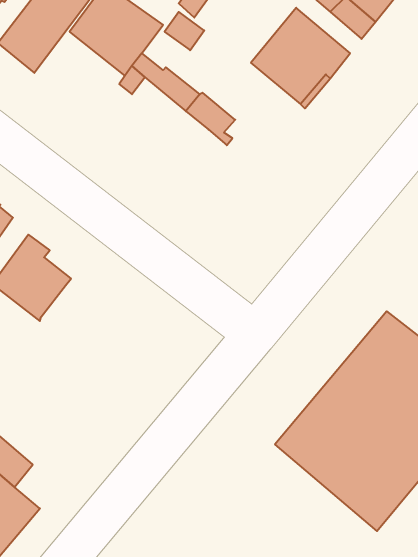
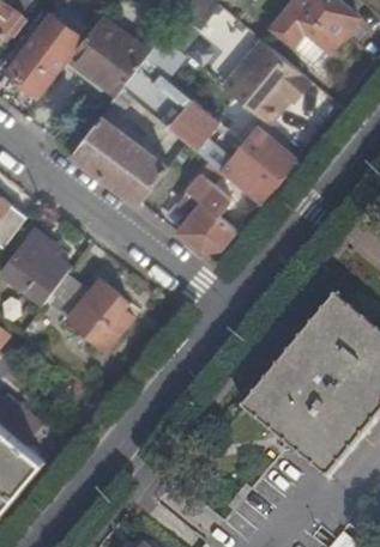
building: none -> [72,114,168,202]
building: none -> [225,124,295,200]
building: none -> [175,171,235,248]
building: none -> [44,272,131,345]

